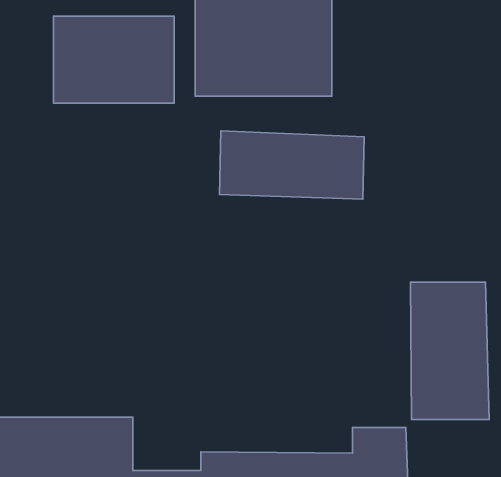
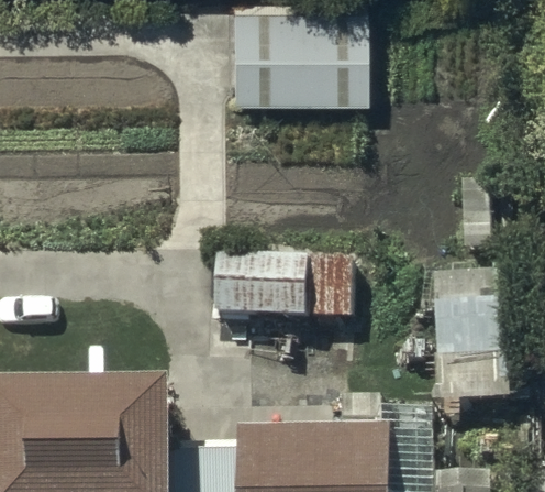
building: [53,16,174,103] -> none
building: [220,131,364,199] -> [215,260,353,325]

